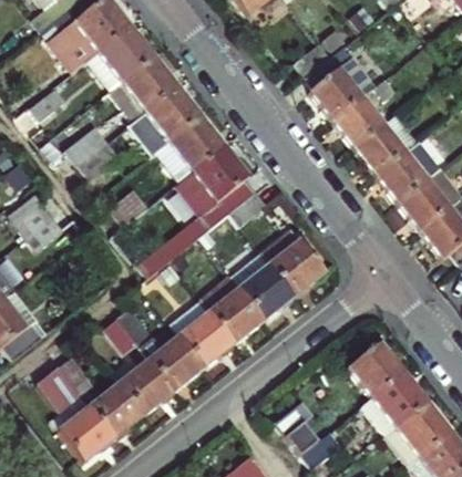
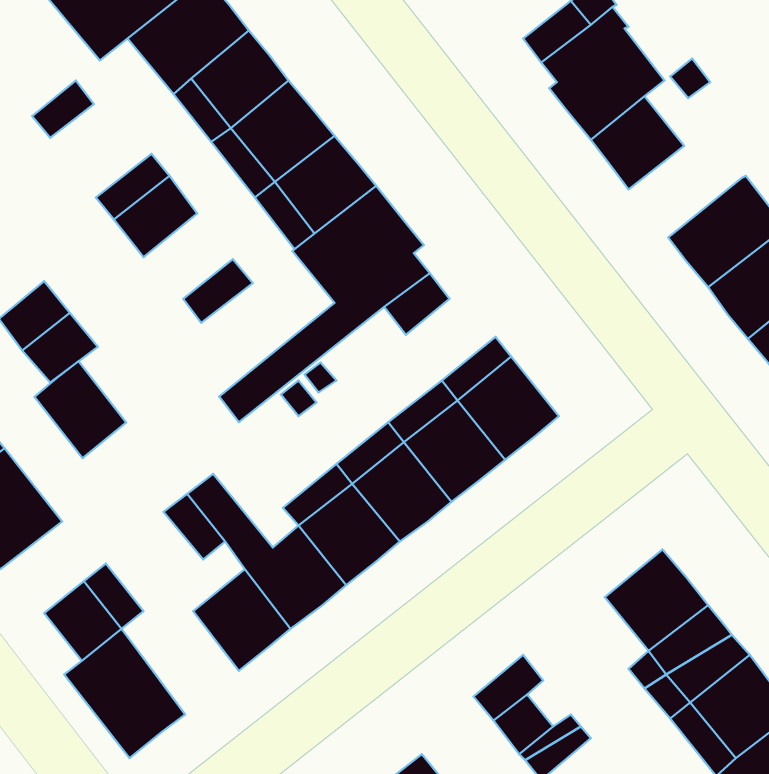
building: [360,113,423,173] -> none
building: none -> [35,361,126,458]
building: [88,381,143,438] -> none

